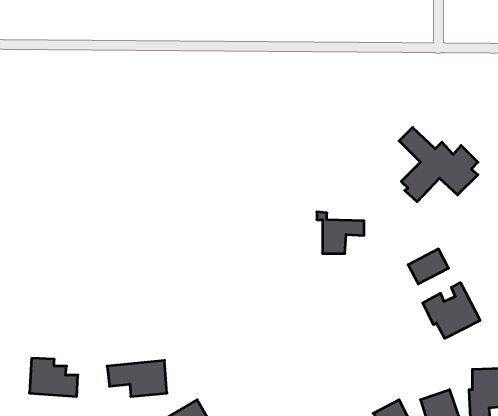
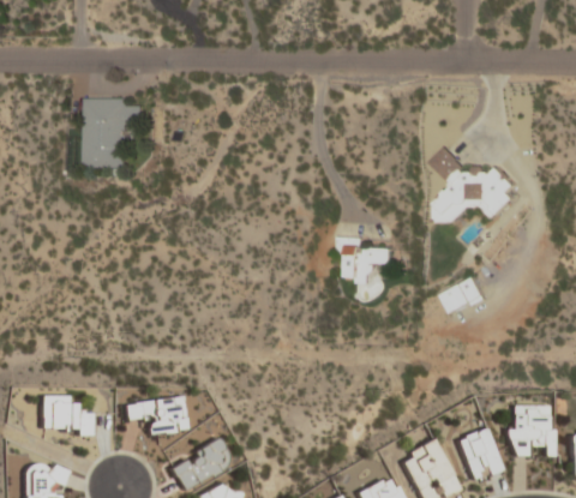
building: none -> [89,97,145,167]
building: [423,283,480,338] -> none

